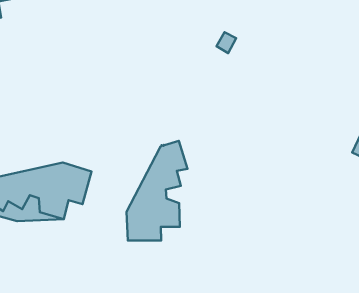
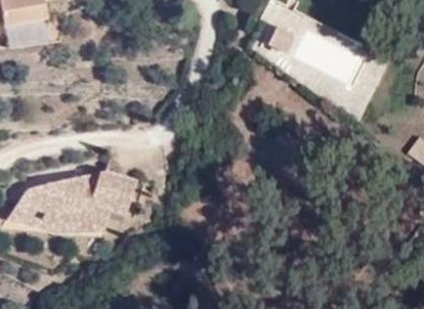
building: [126,141,188,241] -> none

